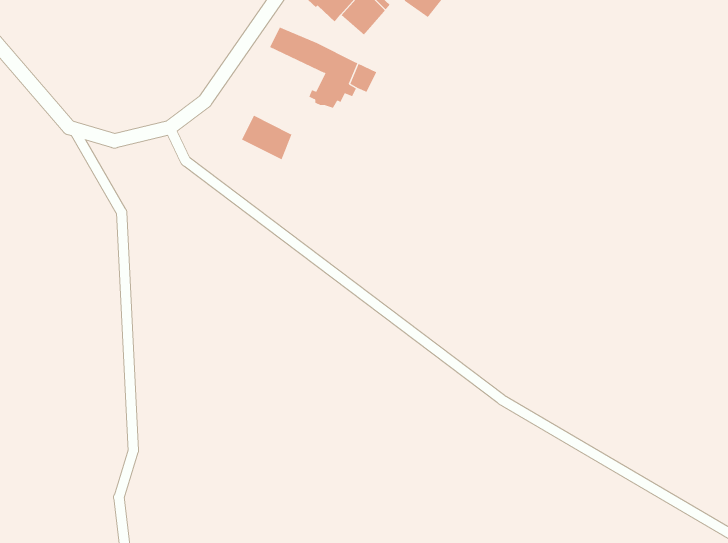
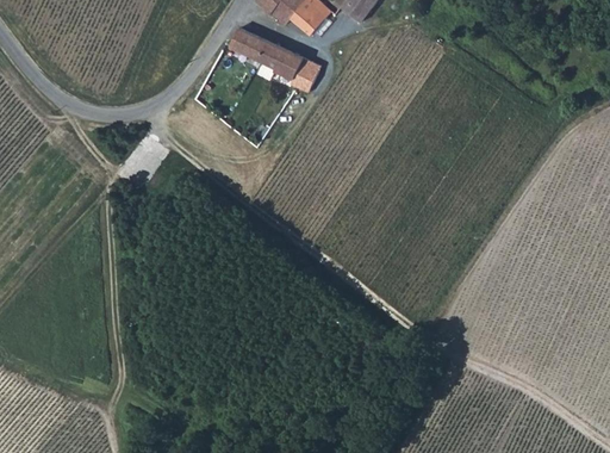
building: [241,115,292,160] -> none

